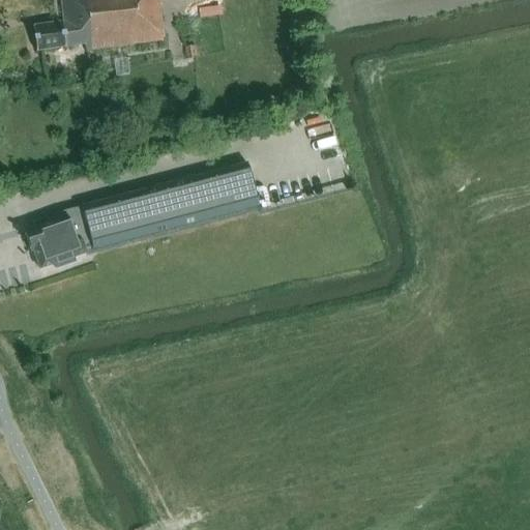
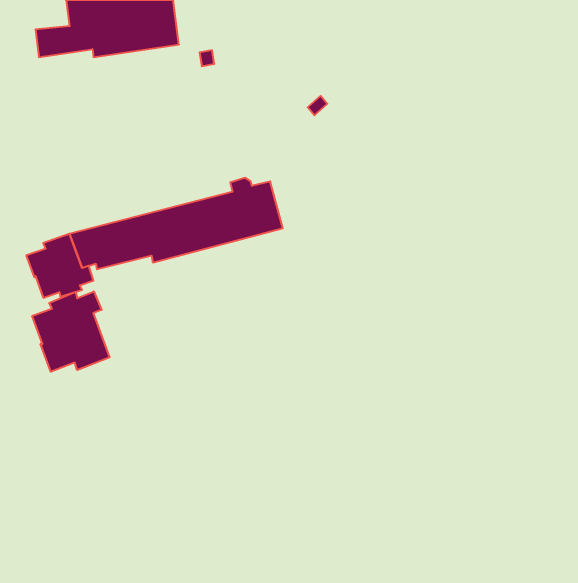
building: none -> [32,291,110,372]

